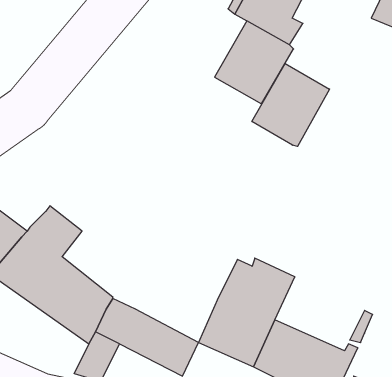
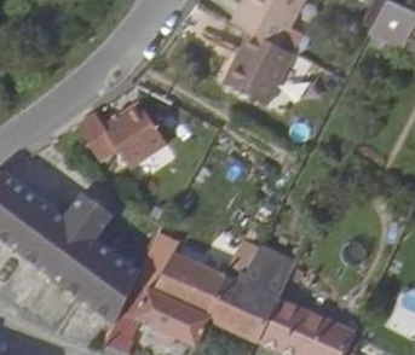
building: [252,64,330,146] -> none
building: none -> [74,99,163,165]
building: none -> [157,252,232,320]

